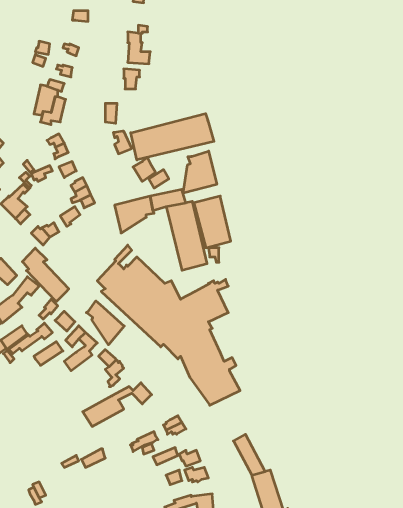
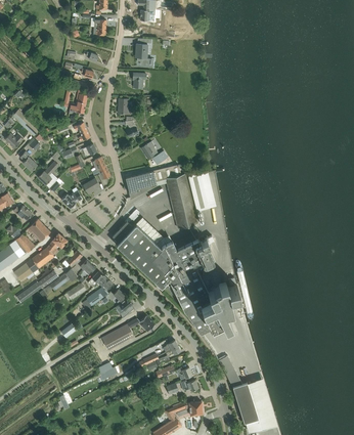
building: [131,114,214,160] -> none
building: [183,151,217,193] -> none
building: [22,248,69,301] -> none
building: [86,301,124,345] -> none
building: none -> [207,285,233,324]

